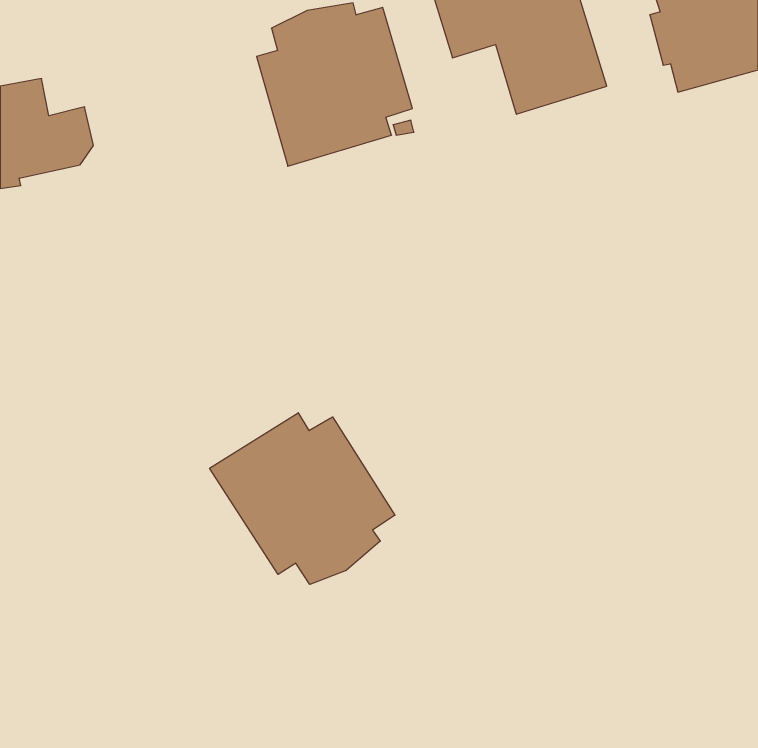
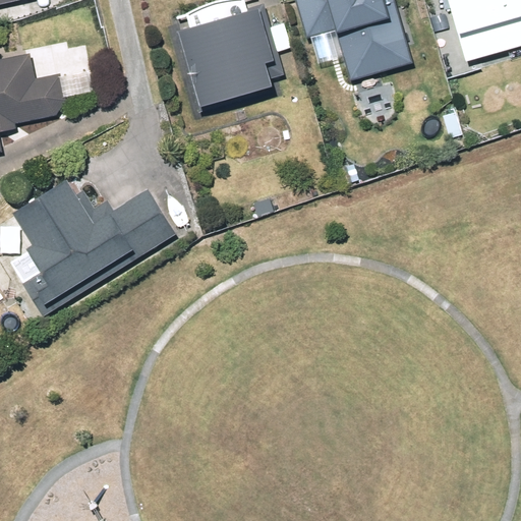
building: none -> [10,177,173,312]
building: [210,413,395,584] -> none

